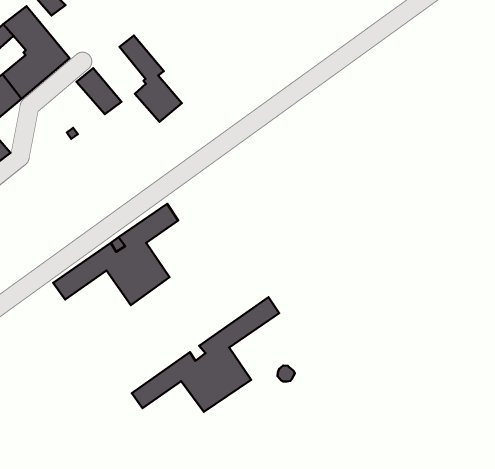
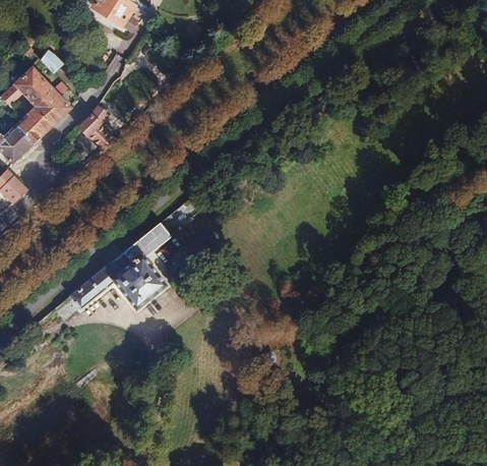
building: [119,36,182,122] -> none
building: [132,297,279,412] -> none

